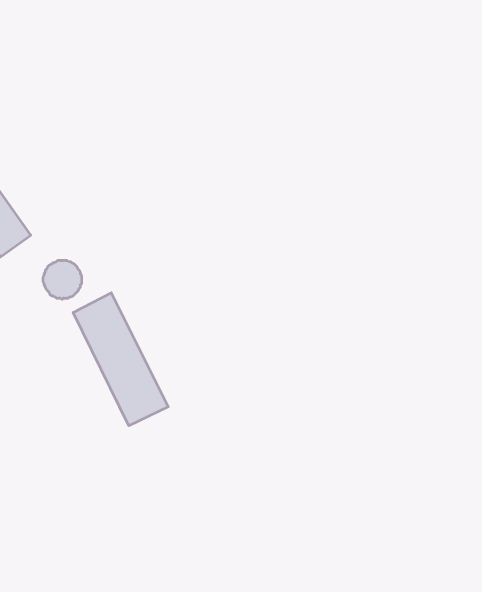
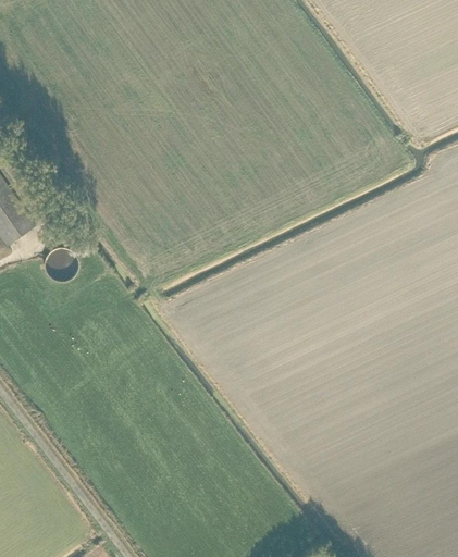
building: [73,293,168,426] -> none

